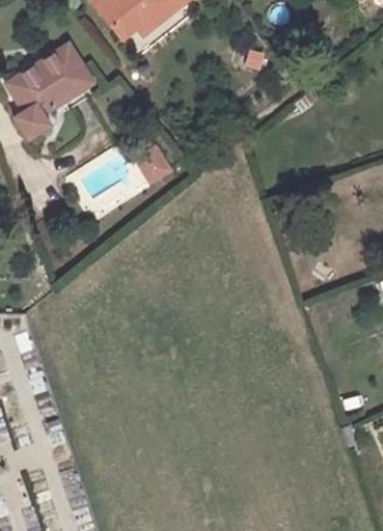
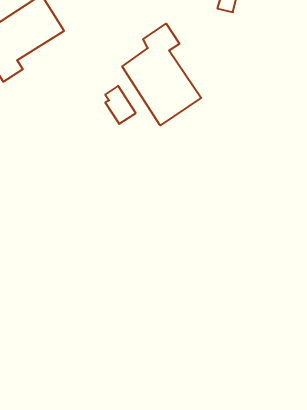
building: none -> [122,24,201,125]

